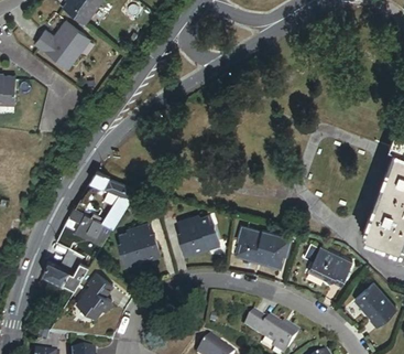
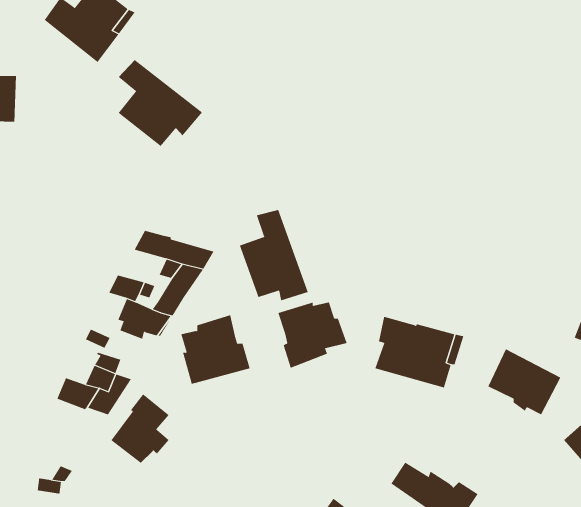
building: none -> [118,59,203,147]
building: none -> [239,209,309,301]

